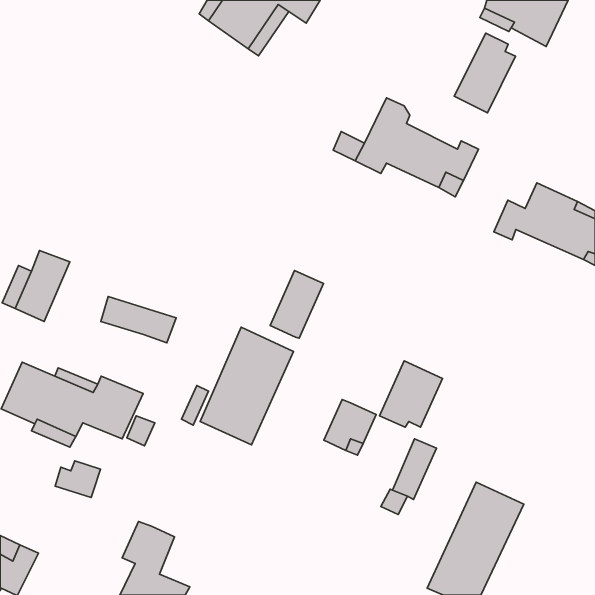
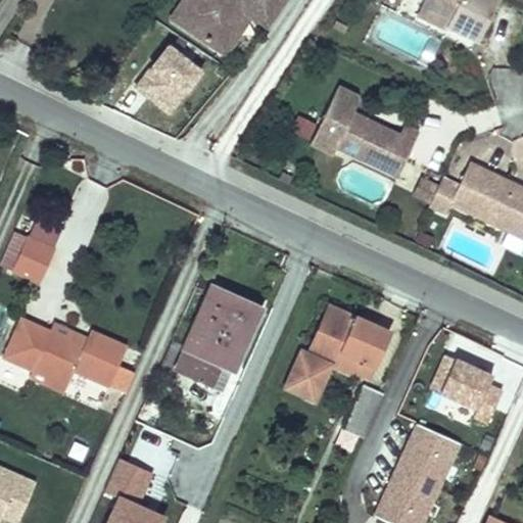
building: [454,33,516,113] -> none
building: none -> [134,41,204,112]
building: [270,271,324,338] -> [307,305,354,365]
building: [101,296,176,343] -> none
building: none -> [432,352,504,423]
building: [55,461,100,497] -> none

